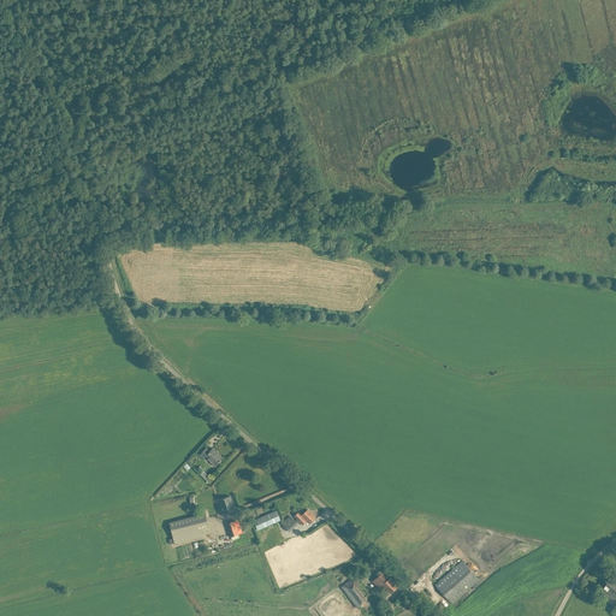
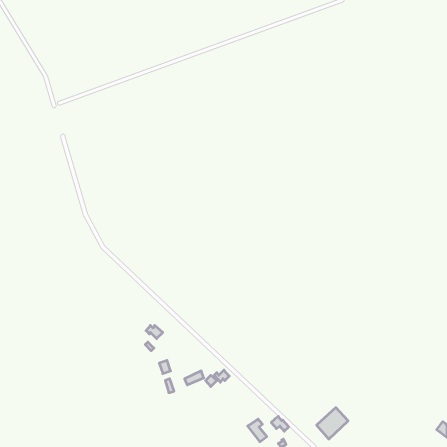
building: [170,514,209,544] -> none

